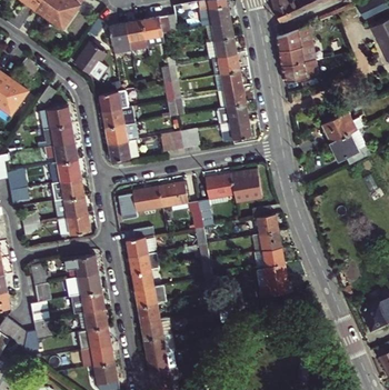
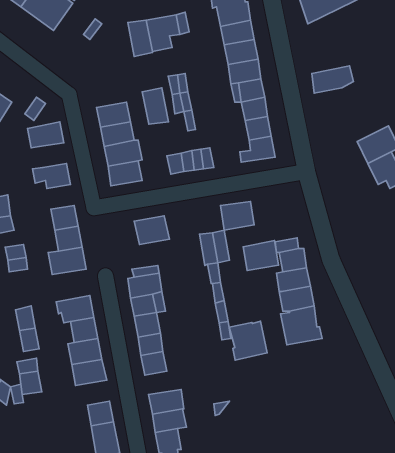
building: [109,22,131,53] -> [142,88,168,124]
building: [276,26,315,66] -> none
building: [73,41,106,74] -> none
building: [38,124,73,148] -> none
building: [50,160,80,182] -> none
building: [230,169,260,194] -> [243,240,278,270]
building: [157,182,187,207] -> none
building: none -> [229,321,267,360]
building: [140,318,171,339] -> none
building: [81,327,110,349] -> none

